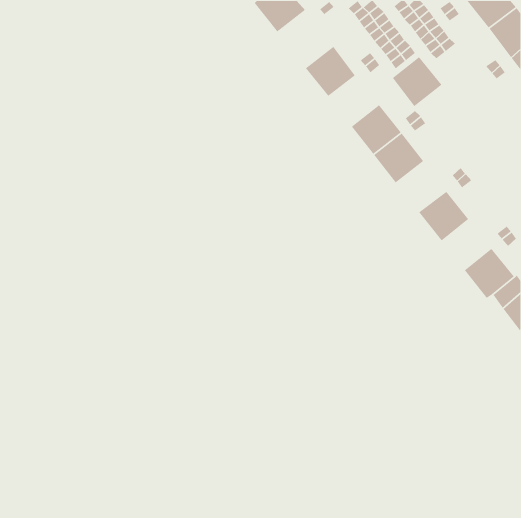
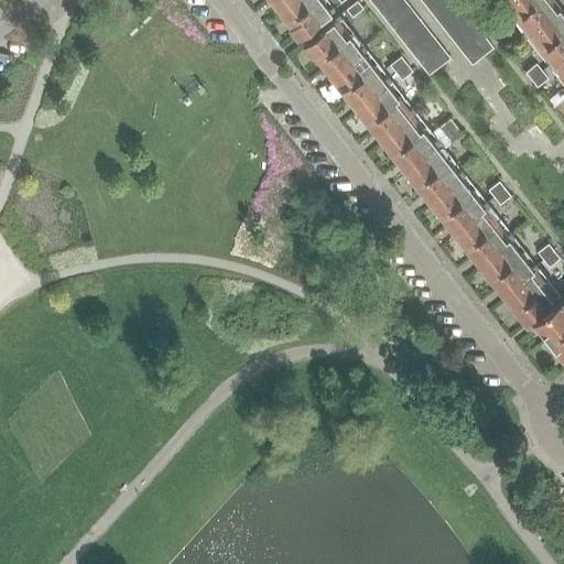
building: none -> [304,21,360,77]
building: [392,56,443,107] -> [355,85,410,140]
building: none -> [427,177,482,232]
building: none -> [477,240,531,295]

